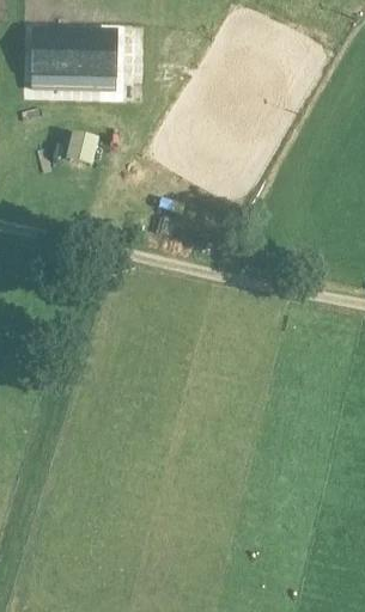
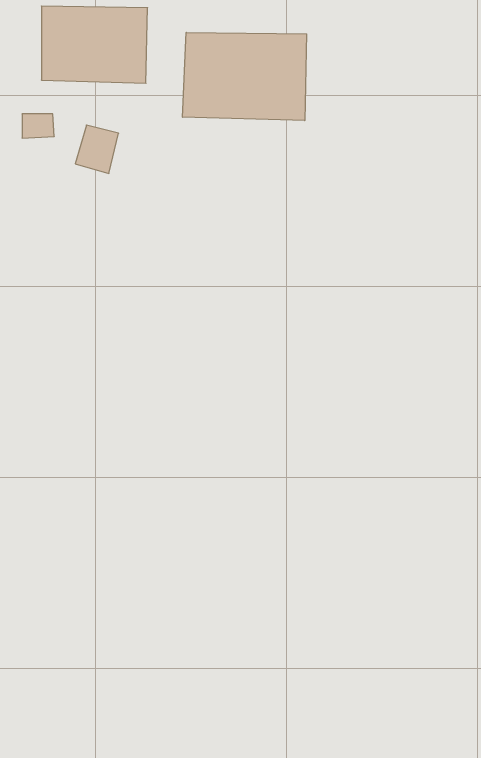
building: none -> [183,32,307,121]

